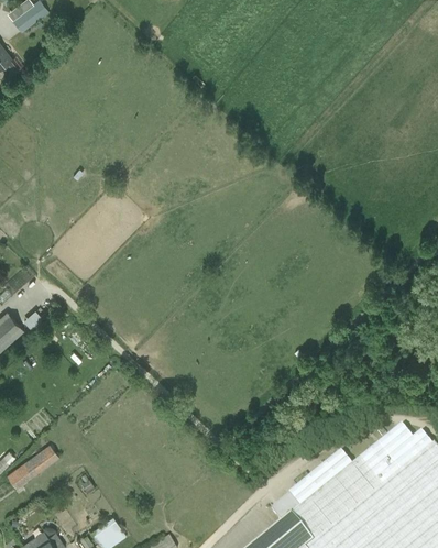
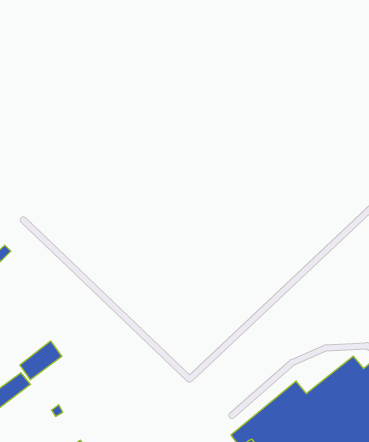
building: none -> [20,341,62,380]

